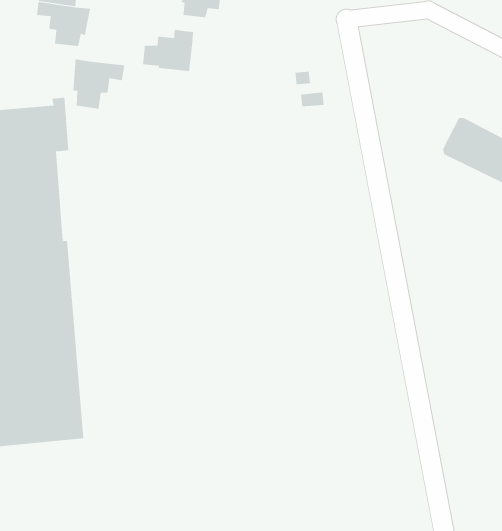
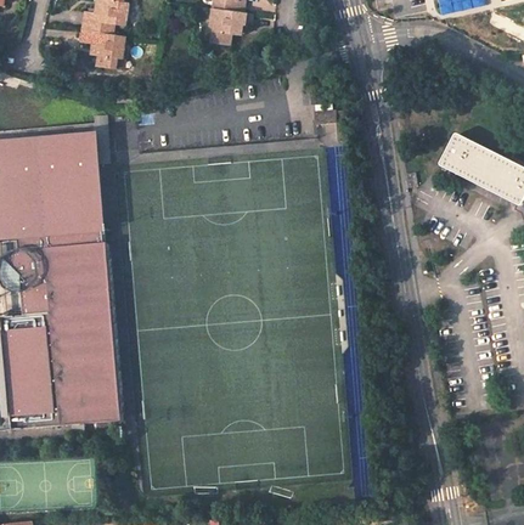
building: [143,29,194,72] -> none
building: [73,58,125,110] -> none

